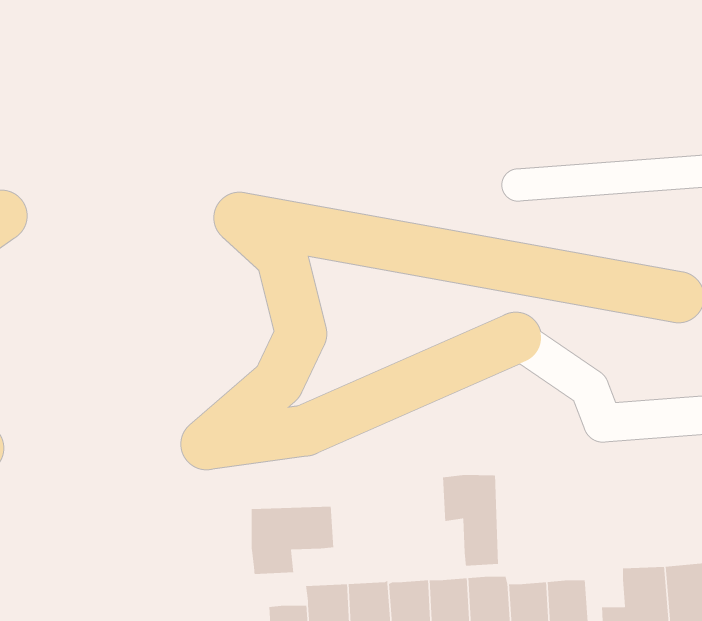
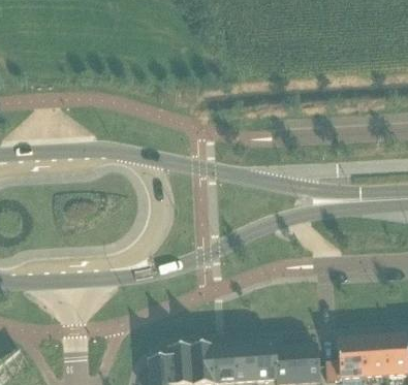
building: [442,474,499,566] -> none
building: [251,506,334,575] -> none

